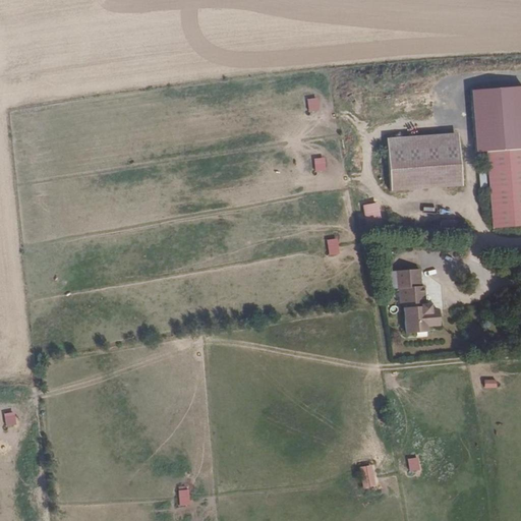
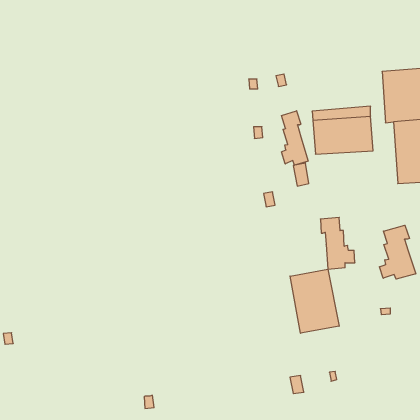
building: none -> [282,111,308,165]
building: none -> [379,225,416,279]
building: none -> [290,269,339,333]

